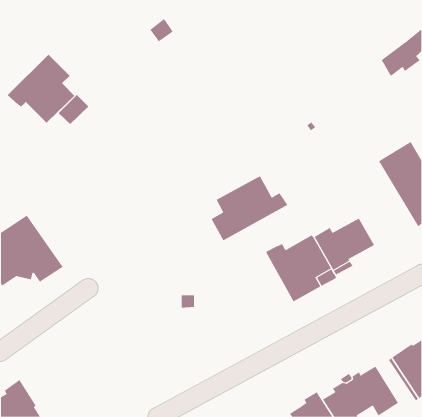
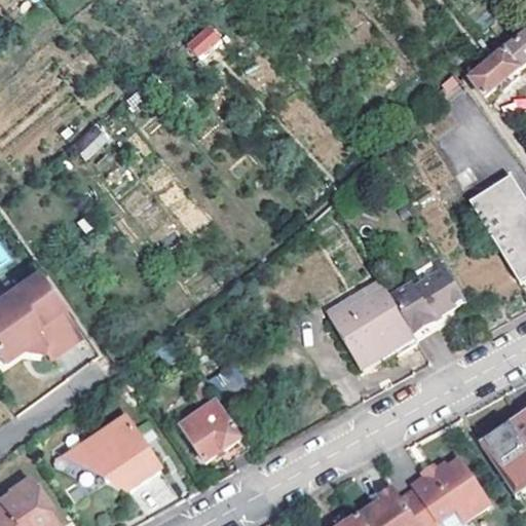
building: [7,54,75,123] -> none
building: [211,176,288,241] -> none
building: none -> [183,375,242,457]
building: none -> [76,412,161,486]

